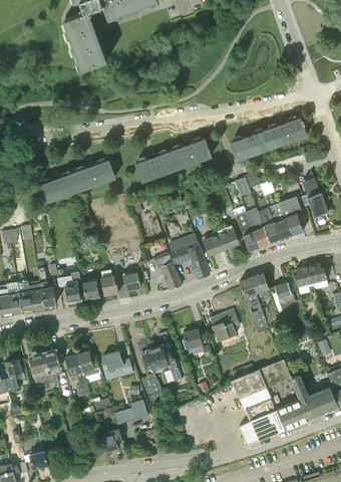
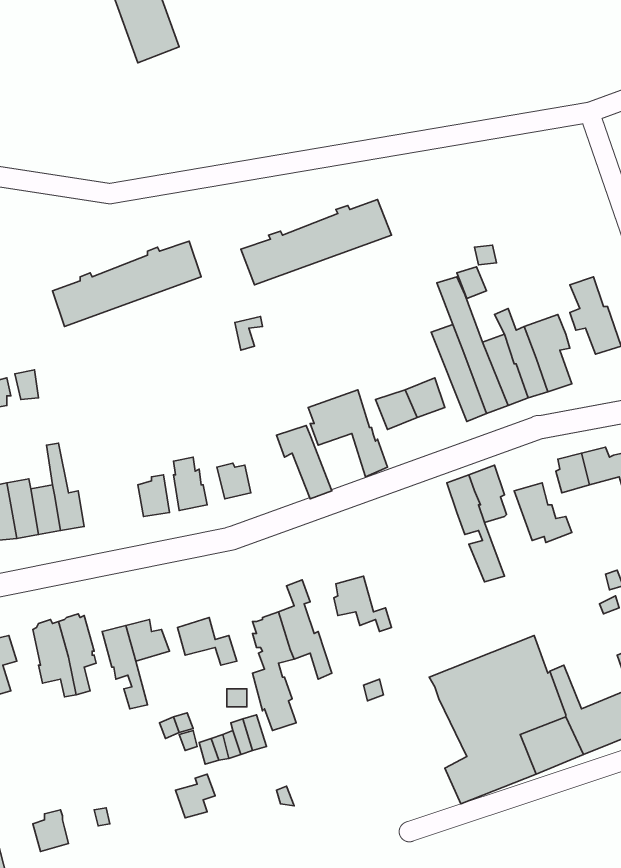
building: [232,117,307,160] -> none
building: [56,270,81,302] -> none
building: [213,311,240,341] -> none

